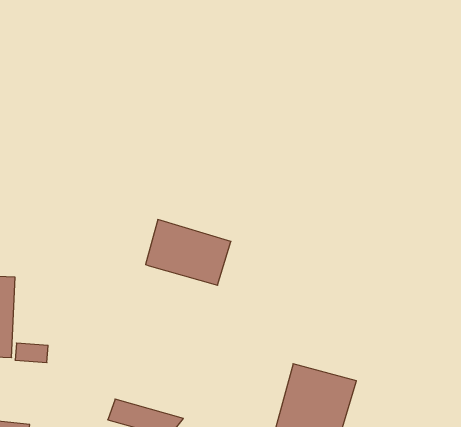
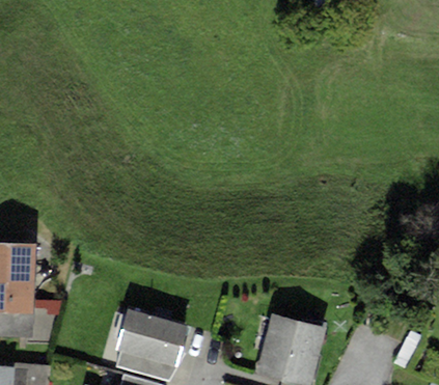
building: [146,220,231,285] -> [117,308,190,364]

